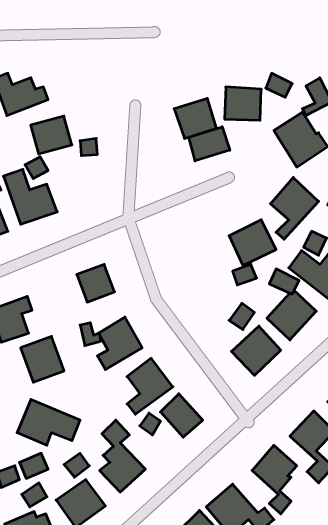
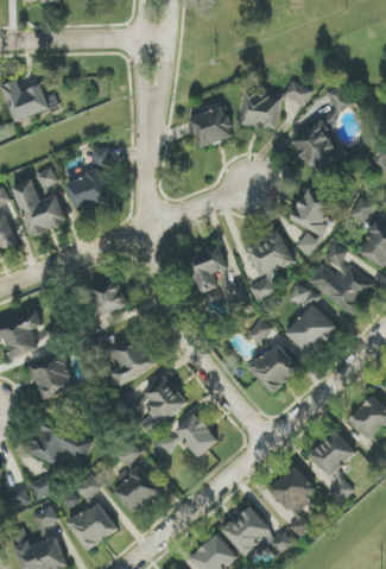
building: [31,116,72,154] -> [65,171,108,210]
building: [189,127,230,161] -> none
building: none -> [186,245,246,304]

